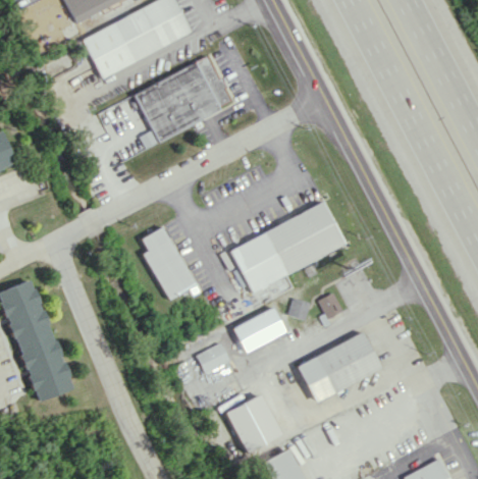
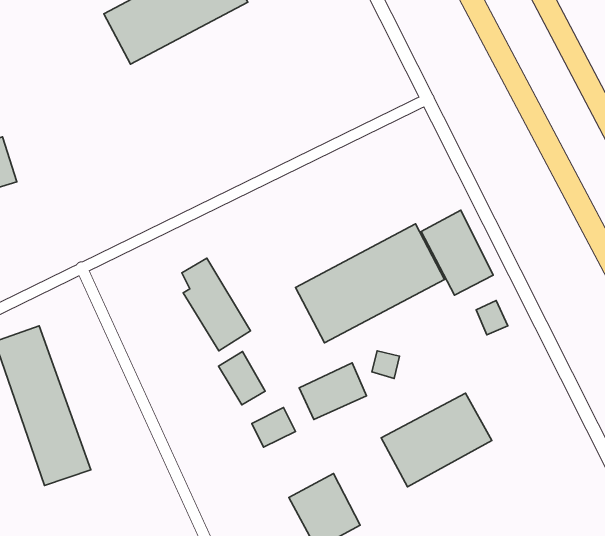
building: [134,57,230,147] -> none
building: none -> [421,210,493,295]
building: [319,292,343,319] -> [476,301,508,335]
building: none -> [218,351,265,405]

